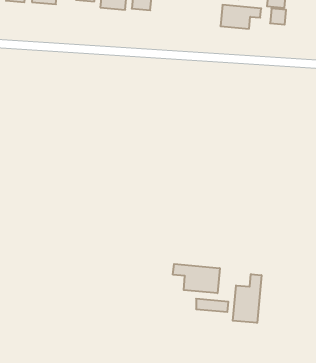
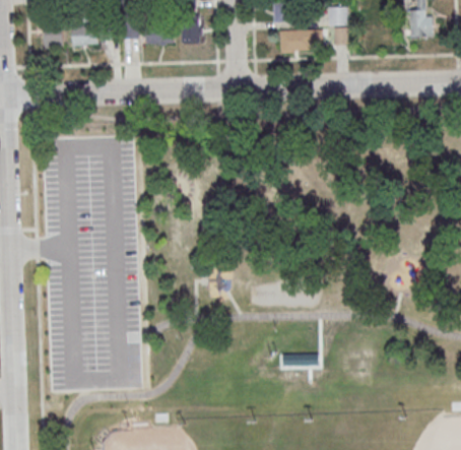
building: [173,264,220,293] -> none
building: [233,274,261,323] -> none

